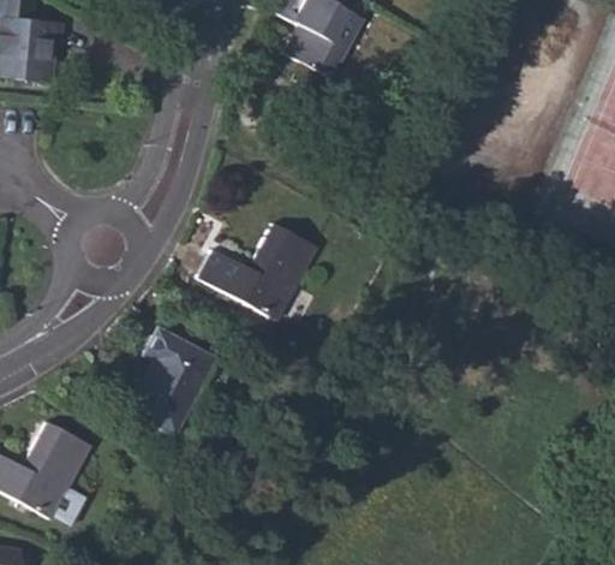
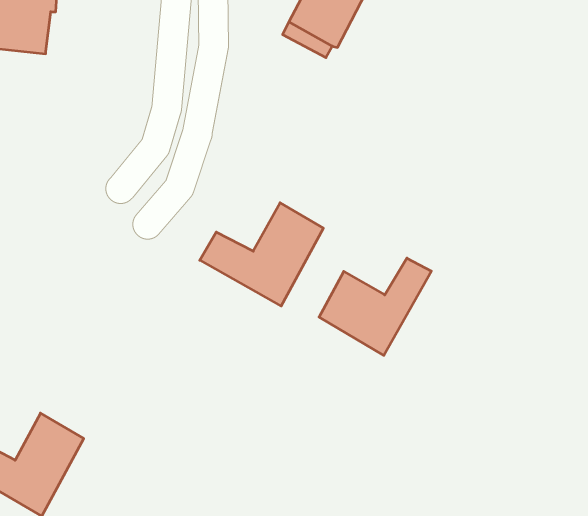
building: none -> [319,258,431,355]
building: [129,327,215,433] -> none

